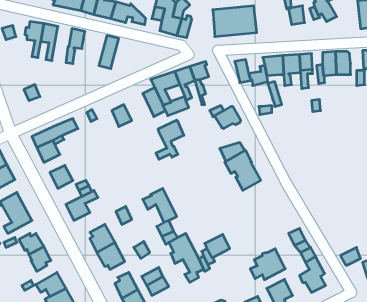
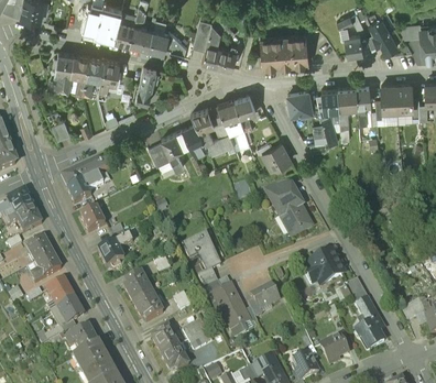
building: none -> [84,55,106,94]
building: [156,120,184,159] -> [160,128,190,171]
building: [250,249,285,280] -> [306,250,345,284]

